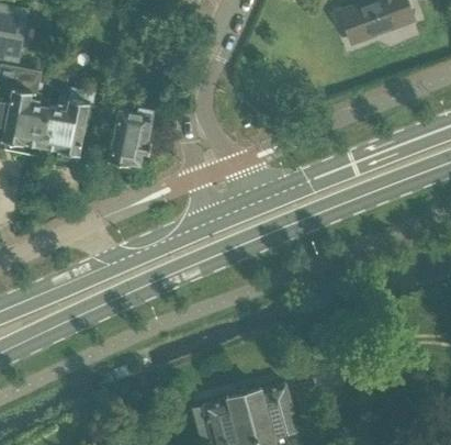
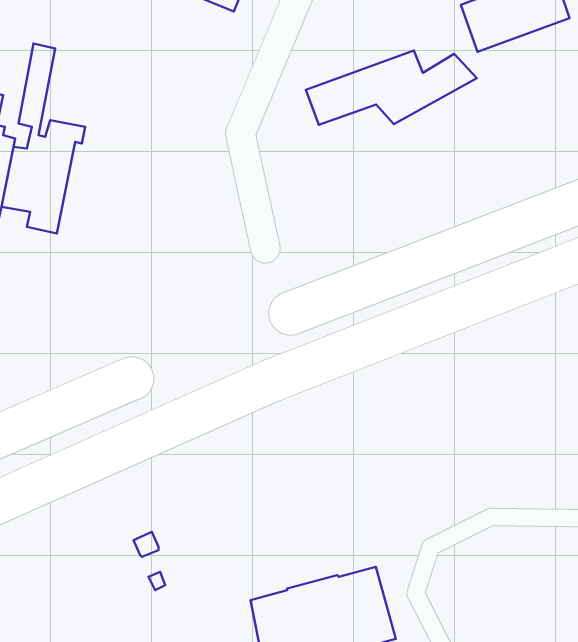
building: none -> [306,51,477,125]
building: [108,105,153,171] -> none

